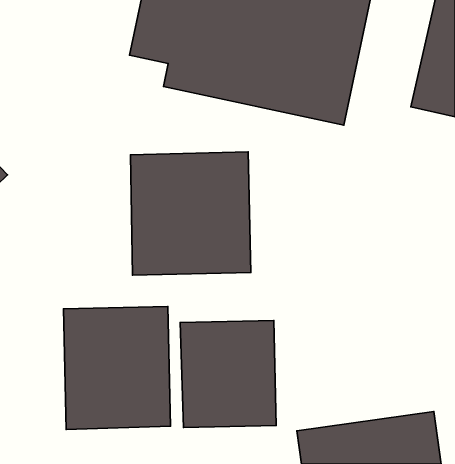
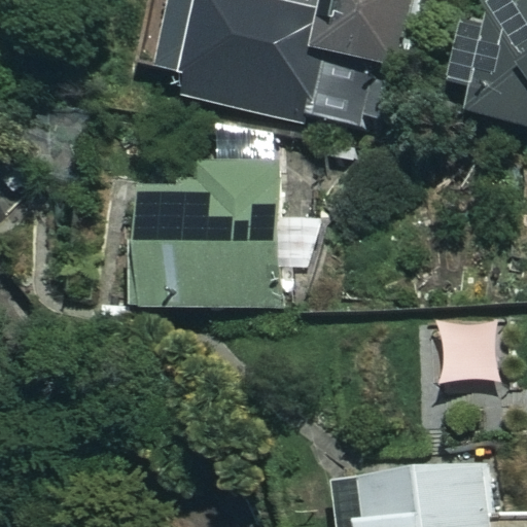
building: [64,307,170,429] -> none
building: [180,321,276,428] -> none

